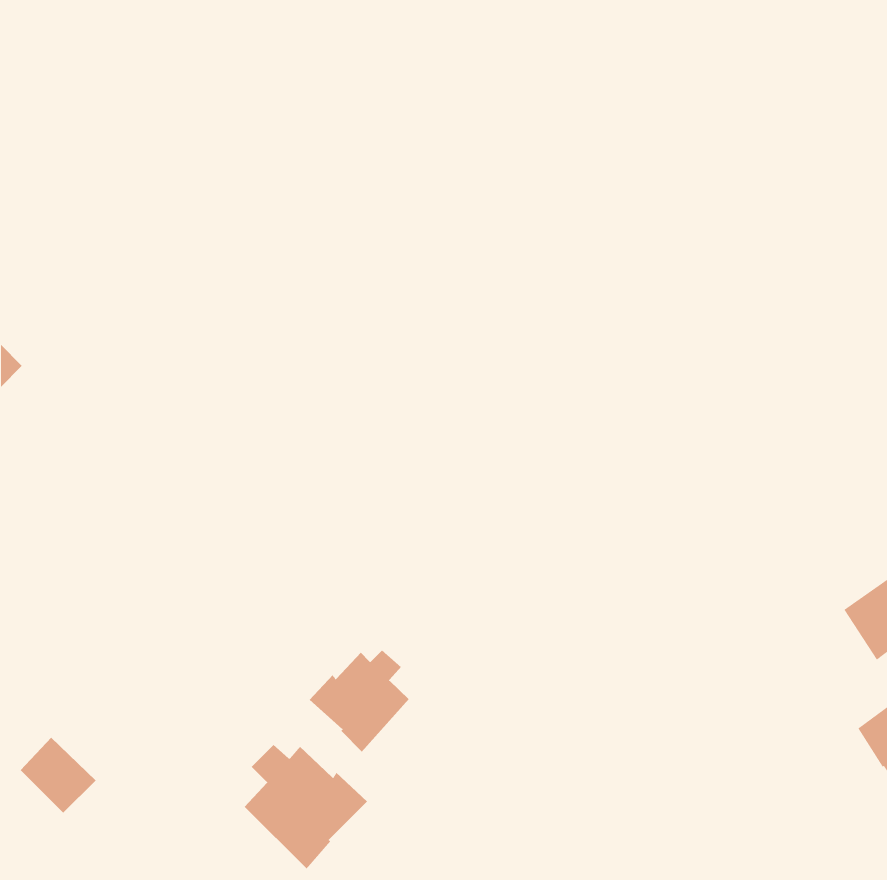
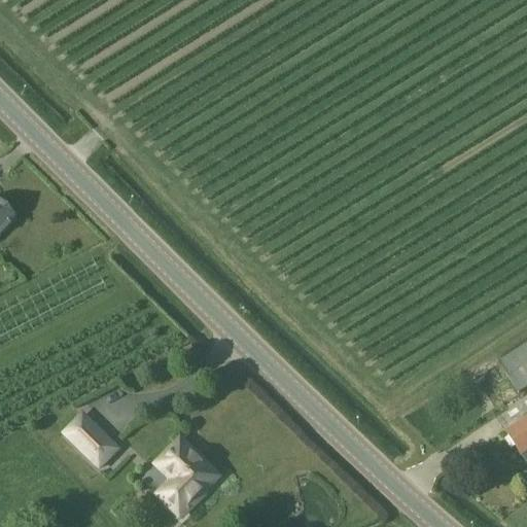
building: [309,649,410,753] -> none
building: [20,737,96,814] -> [75,419,120,464]

